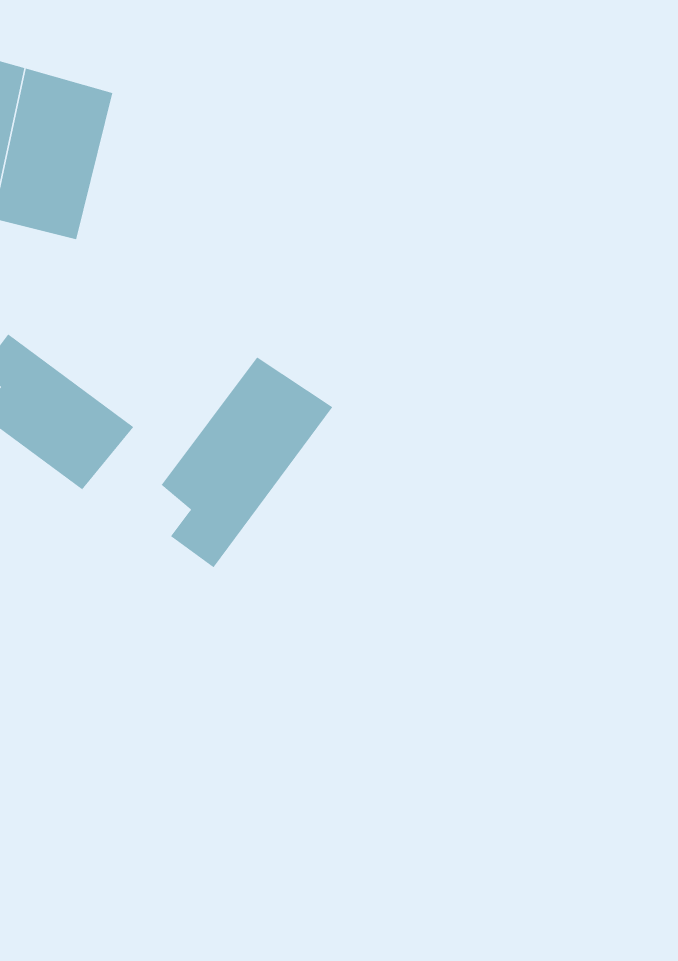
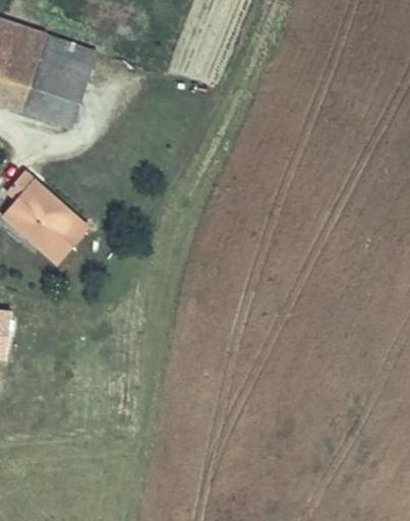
building: [161,357,333,568] -> none

